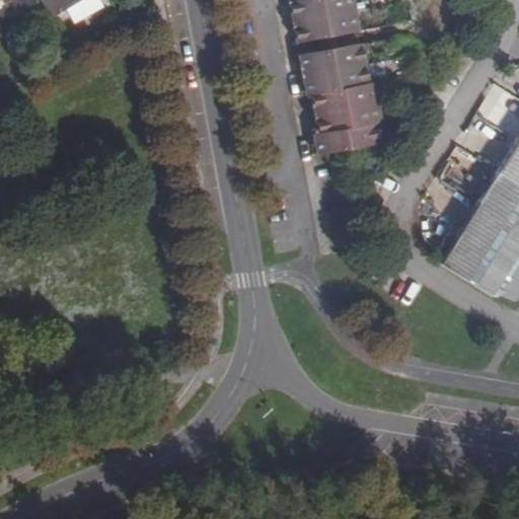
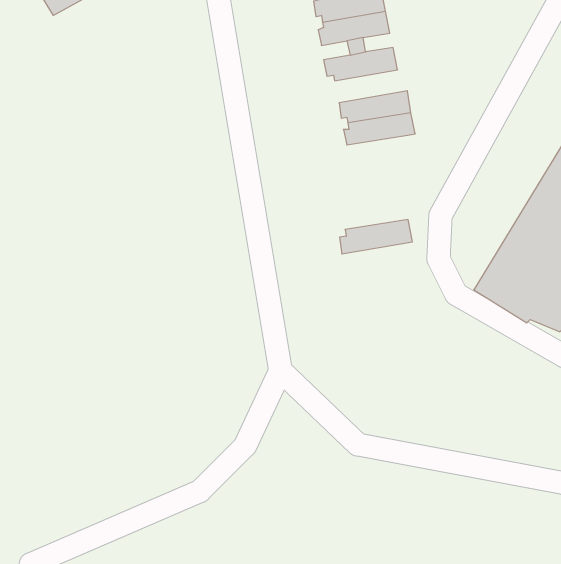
building: [305,64,372,95] -> none
building: [316,124,383,155] -> [340,220,412,254]

